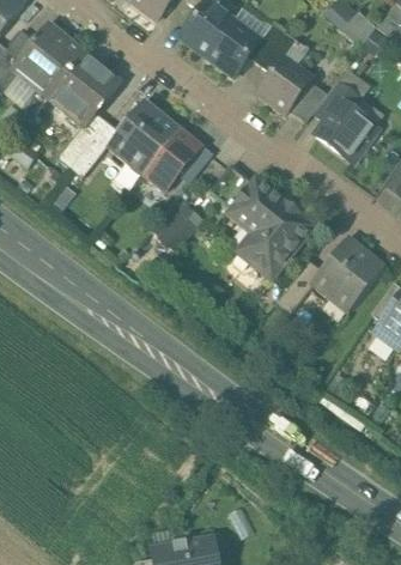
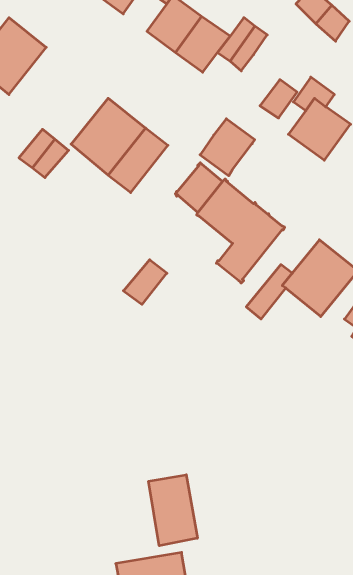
building: [48,50,121,126] -> none
building: [259,57,311,113] -> [200,119,255,176]
building: [159,205,201,248] -> [123,260,167,304]
building: none -> [149,475,197,546]

